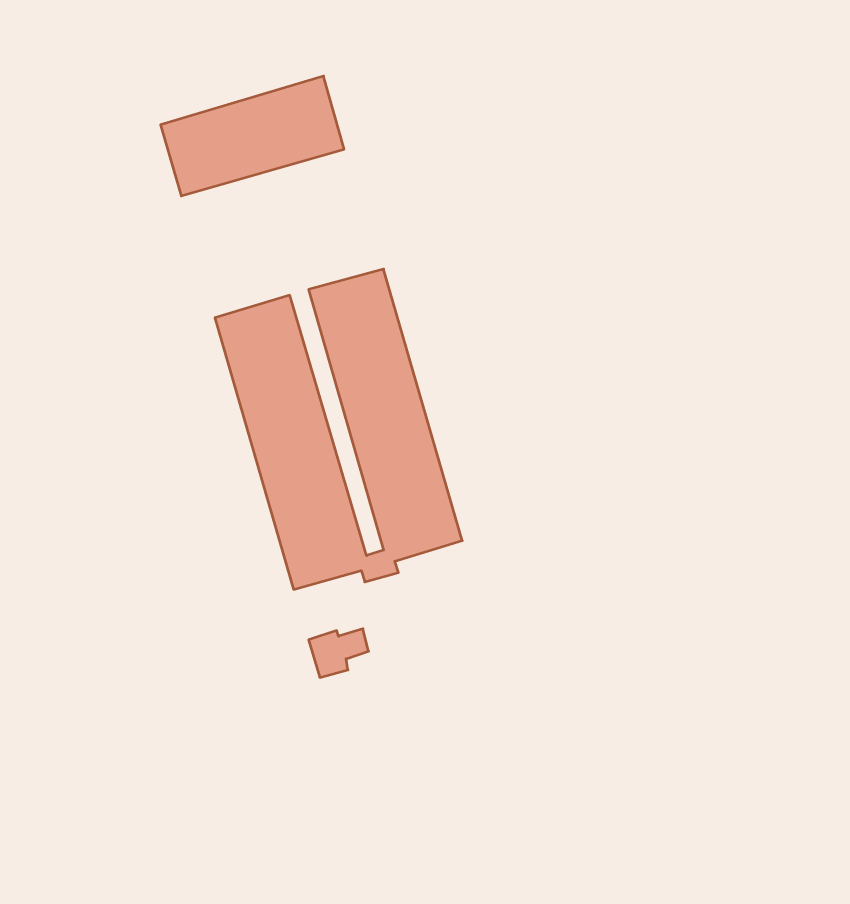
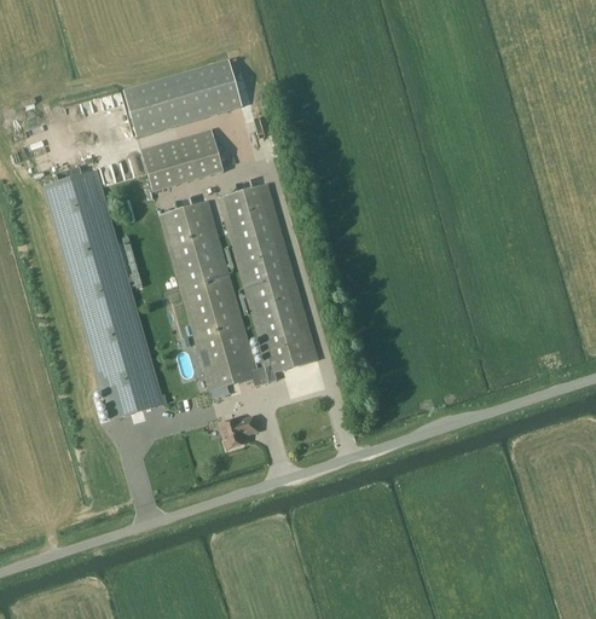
building: none -> [140,128,224,190]
building: none -> [44,169,163,418]

